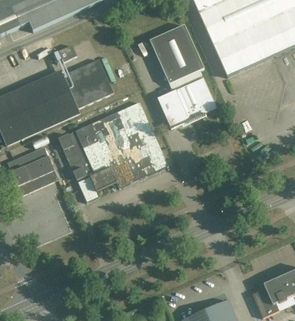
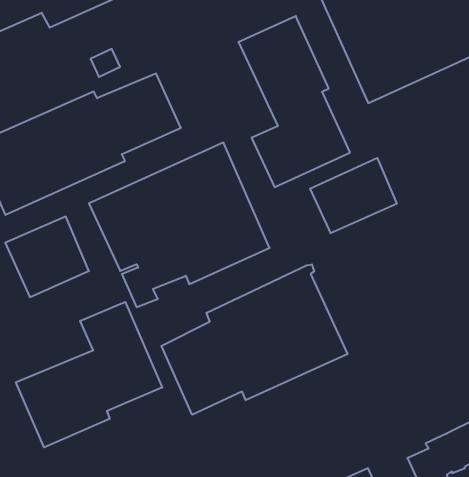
building: none -> [310,158,397,233]
building: none -> [161,264,348,415]
building: none -> [16,302,162,447]

